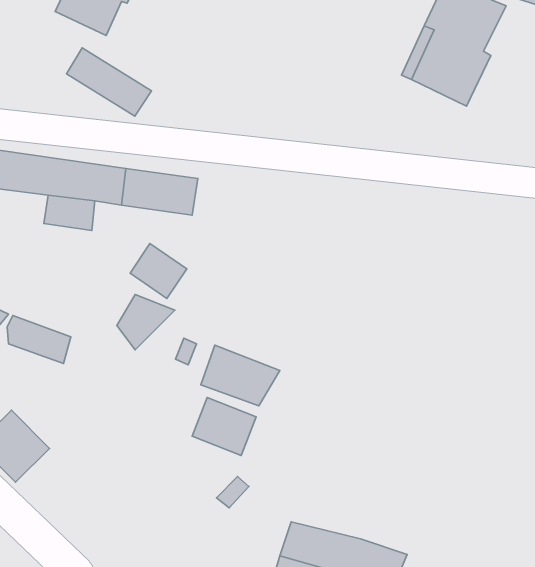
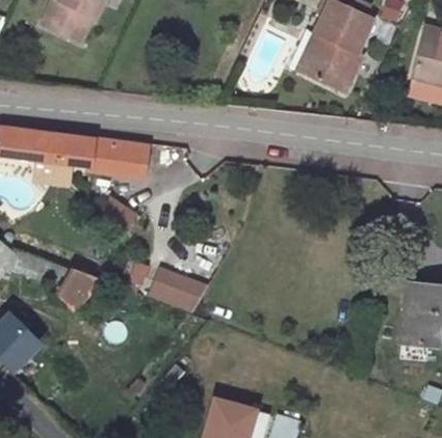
building: [67,48,151,116] -> none
building: [117,295,175,350] -> [58,269,101,309]
building: [192,398,256,455] -> none

